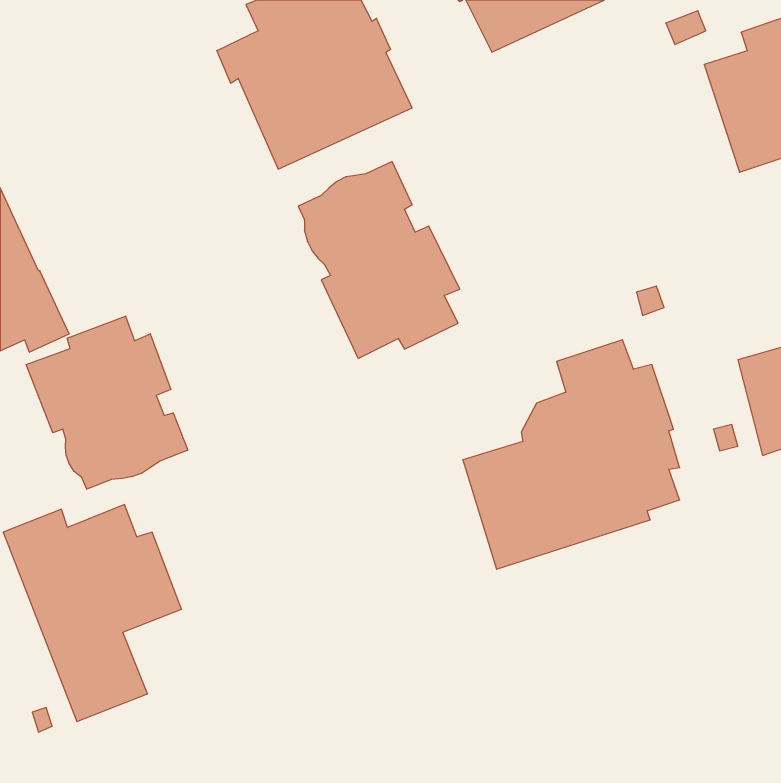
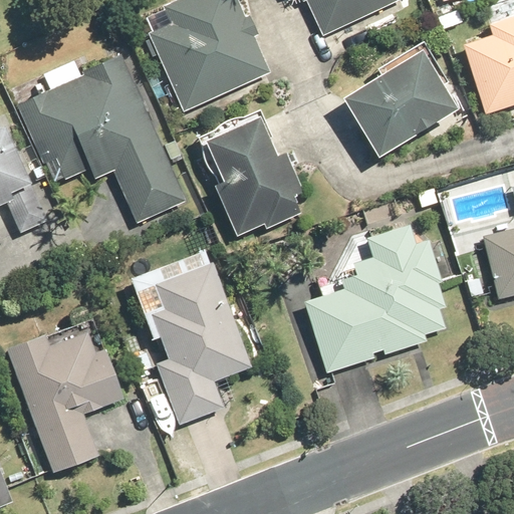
building: none -> [339,47,457,157]
building: none -> [19,53,187,222]
building: [26,316,188,489] -> none
building: none -> [150,260,250,424]

